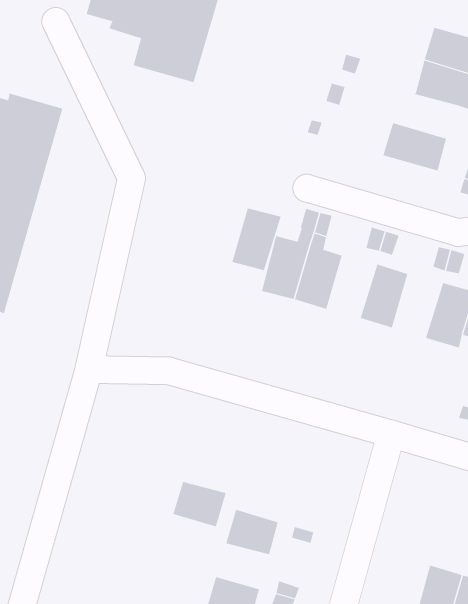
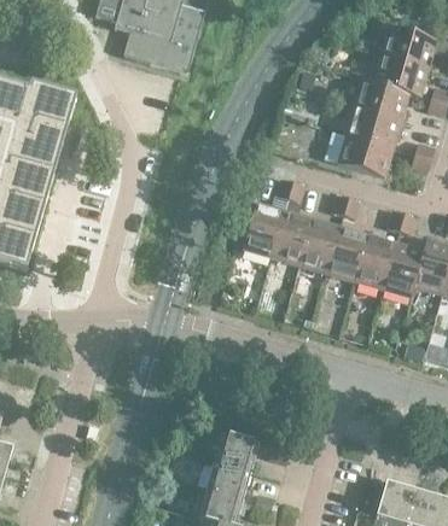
building: none -> [354,77,408,119]
building: none -> [337,134,392,176]
building: [232,208,281,271] -> [298,218,341,271]
building: none -> [354,234,396,288]
building: [172,481,227,527] -> [204,462,250,501]

